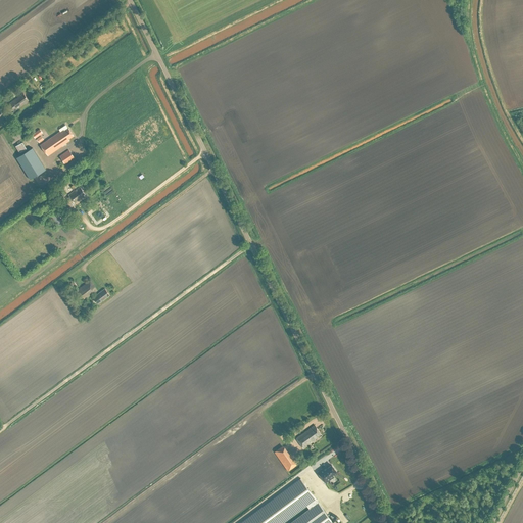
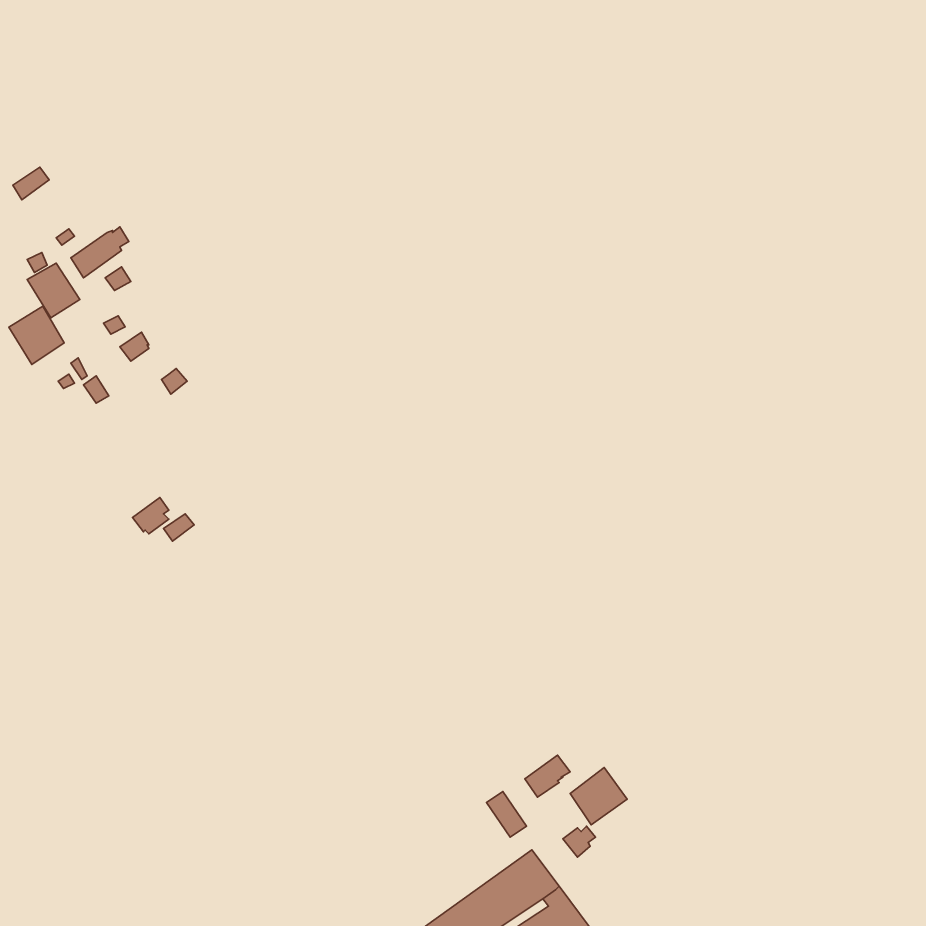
building: none -> [9,306,64,364]
building: none -> [570,767,627,825]

